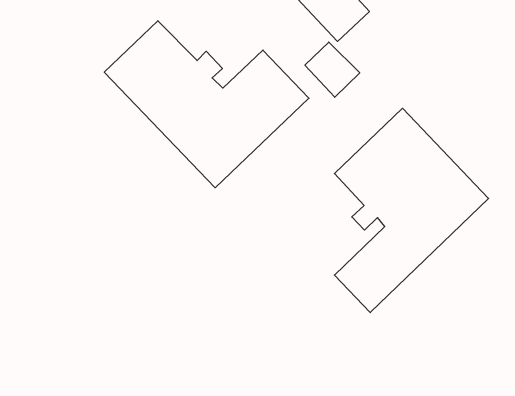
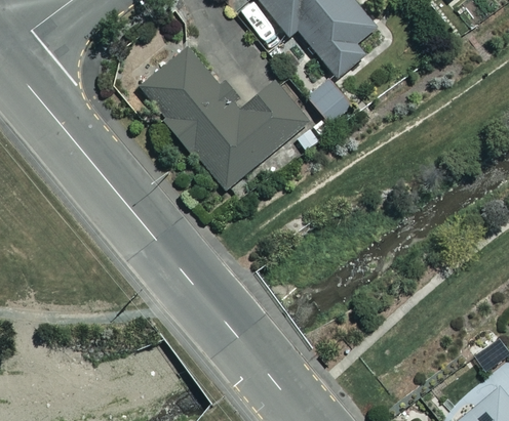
building: [334,108,489,313] -> none

